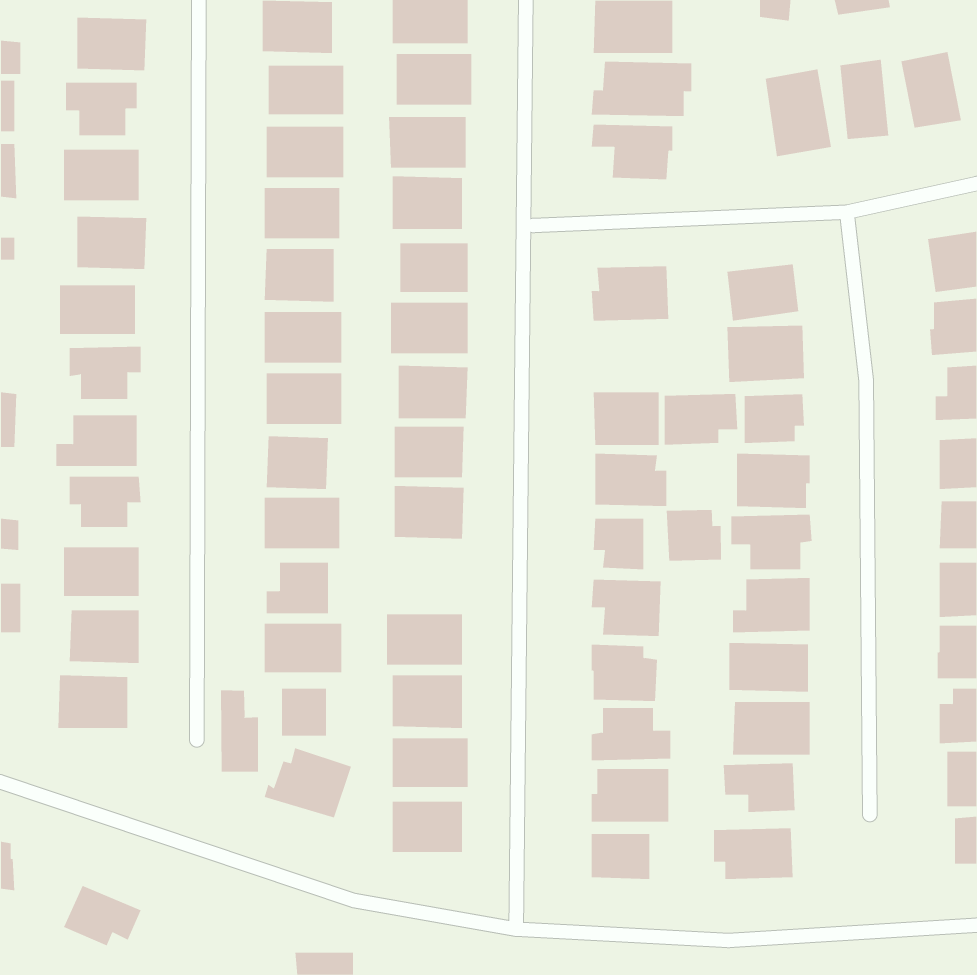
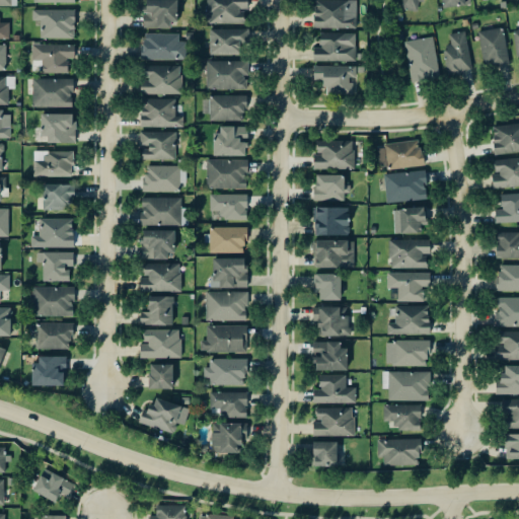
building: [664,394,738,445] -> [315,174,355,202]
building: [666,509,721,561] -> none
building: none -> [205,293,245,320]
building: [220,689,258,773] -> none

